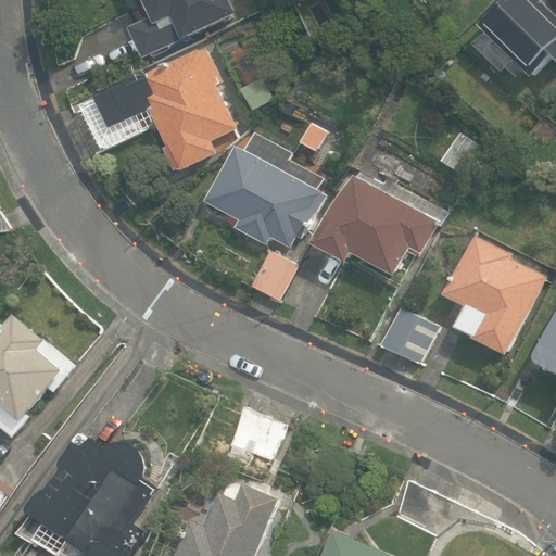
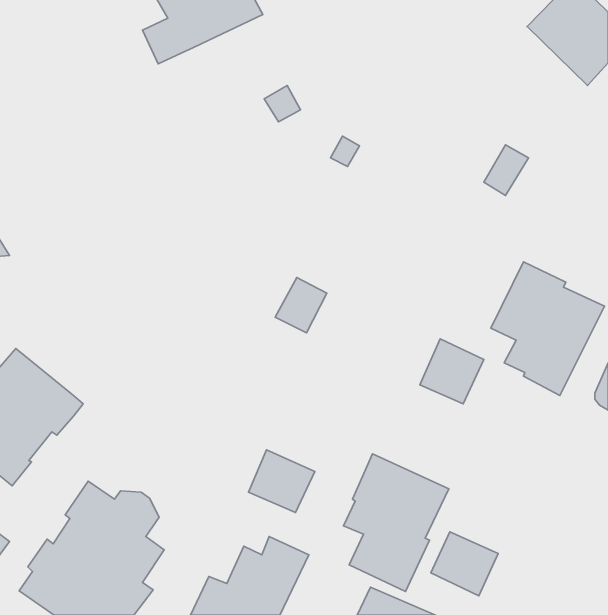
building: [91,47,236,172] -> none
building: [201,131,319,248] -> none
building: [313,175,435,275] -> none
building: none -> [343,454,449,591]

